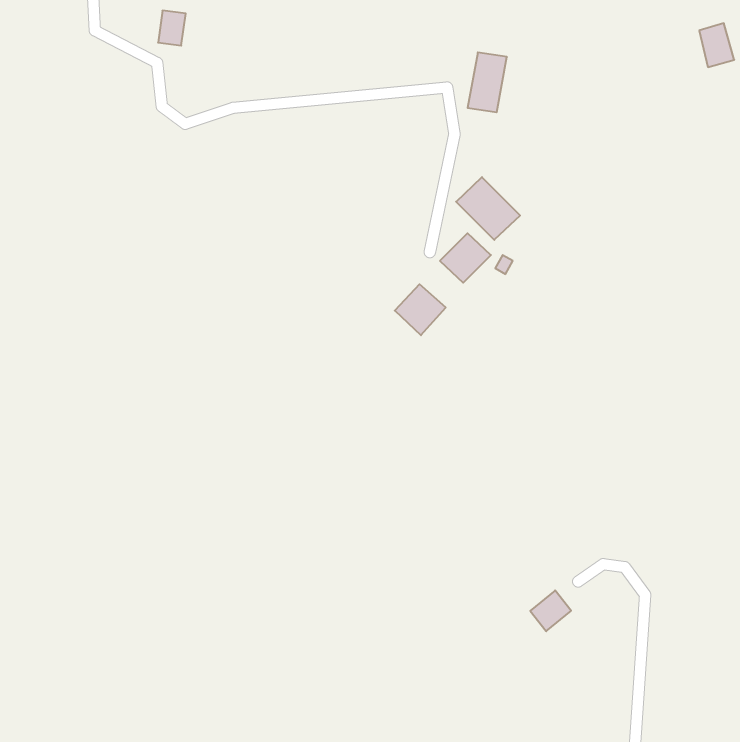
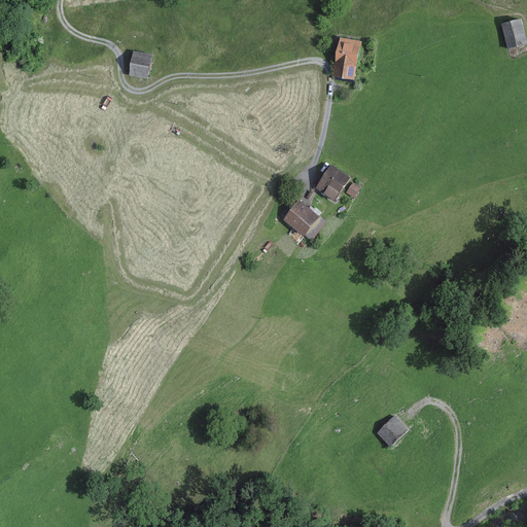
building: [158,11,186,46] -> [129,51,148,76]
building: [456,177,520,240] -> none

